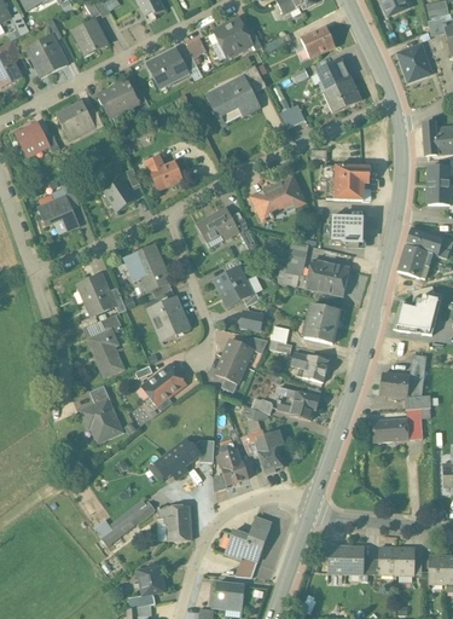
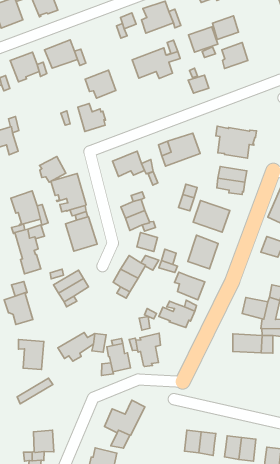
building: [147,48,187,85] -> [85,70,116,98]
building: [323,80,360,114] -> [189,27,218,52]
building: [103,179,137,212] -> [39,157,66,182]
building: [158,505,191,542] -> [18,339,44,369]

